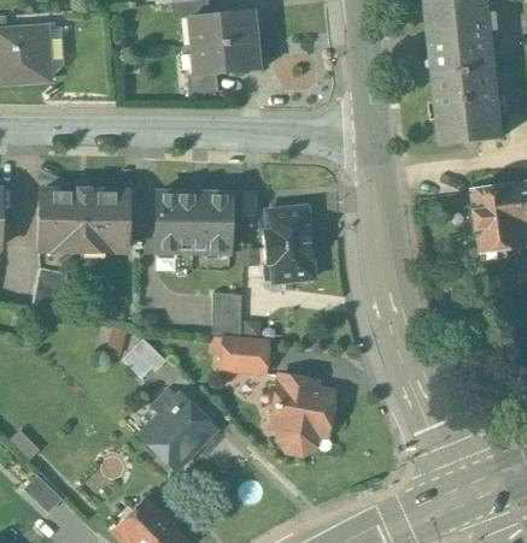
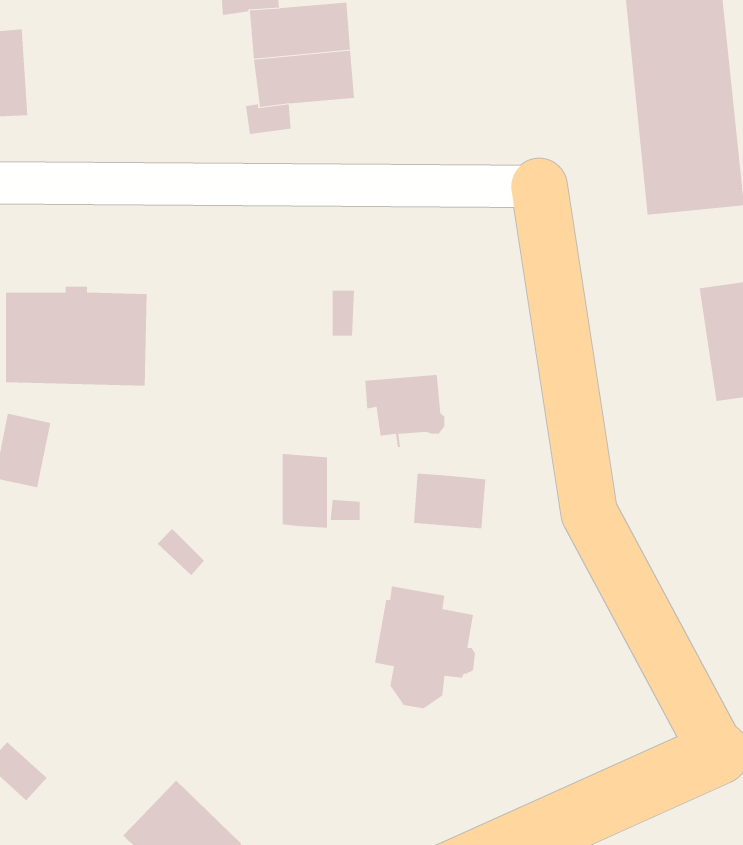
building: [154,193,228,252] -> none
building: [260,206,309,247] -> none
building: [219,338,265,373] -> [413,473,486,529]
building: [141,390,213,468] -> none

